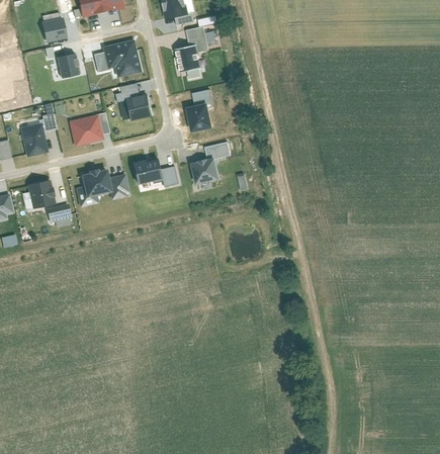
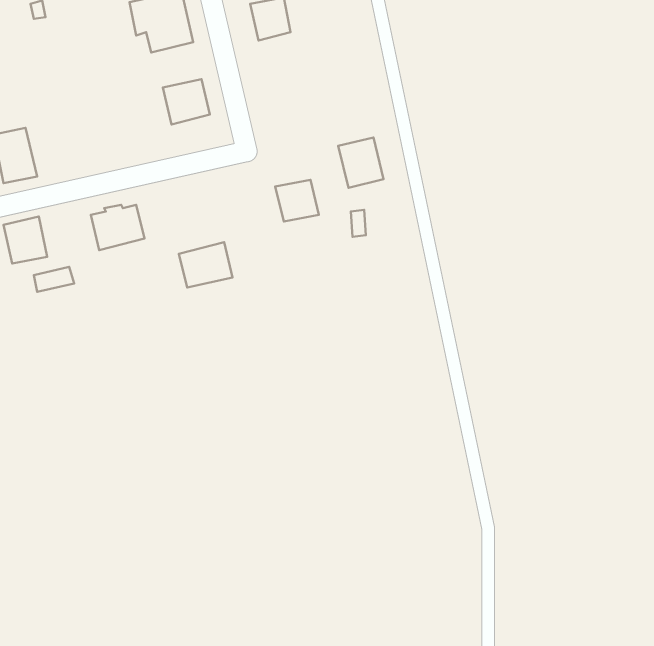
building: [56,54,81,80] -> none
building: [186,102,213,132] -> [338,137,384,188]
building: [70,114,102,147] -> none
building: [133,157,165,184] -> [179,242,233,287]

